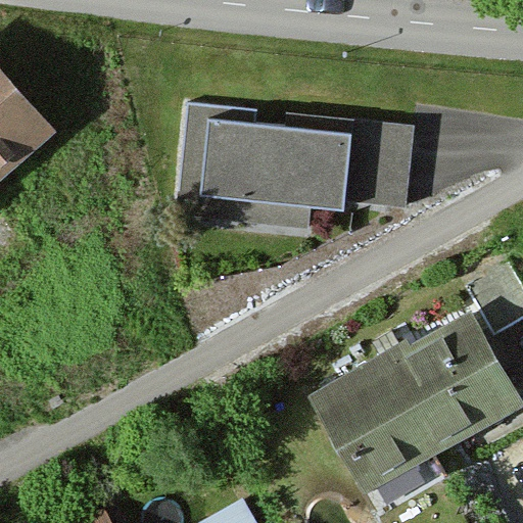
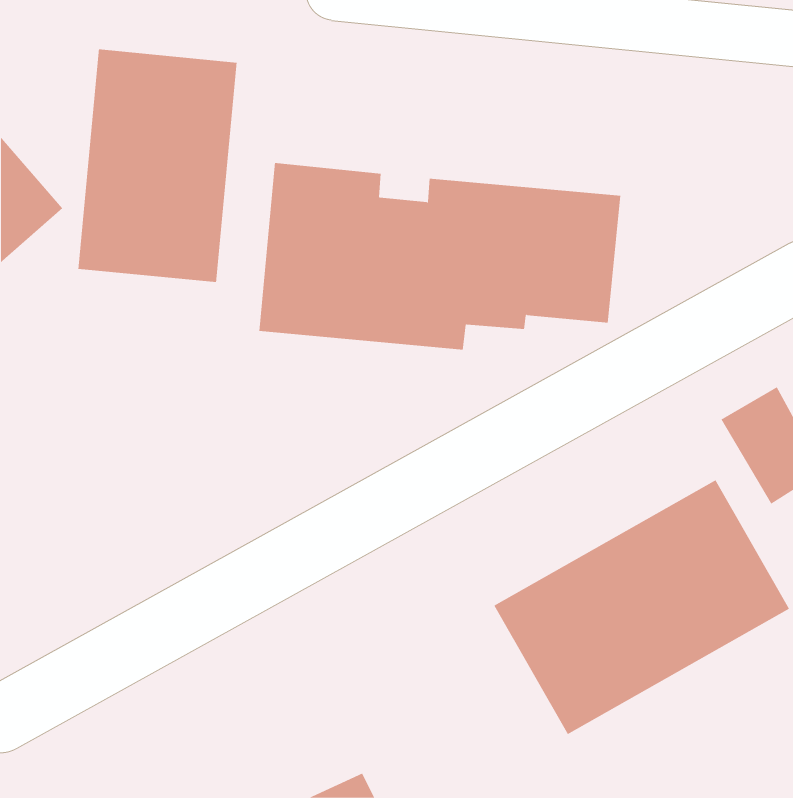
building: none -> [78,48,237,283]

